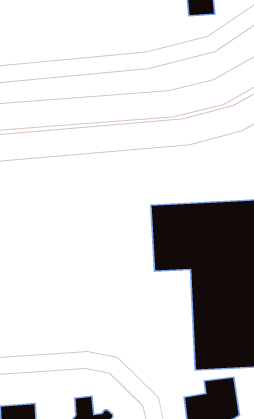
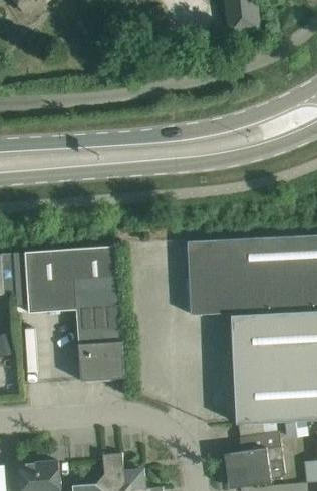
building: none -> [24,244,124,381]

